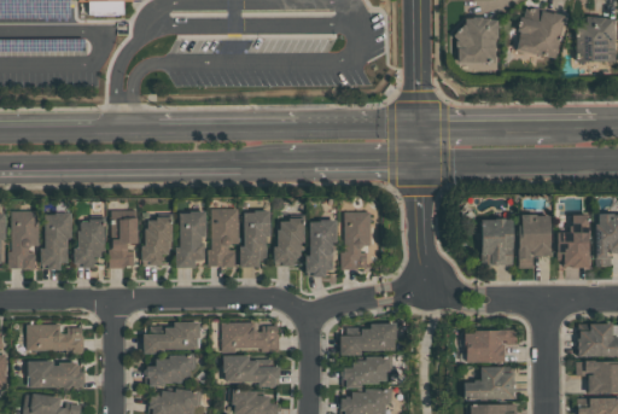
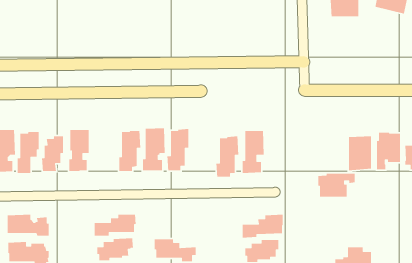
building: [142,217,171,266] -> none
building: [274,218,304,267] -> none
building: [222,322,280,352] -> none
building: [464,330,514,362] -> [318,173,356,197]

